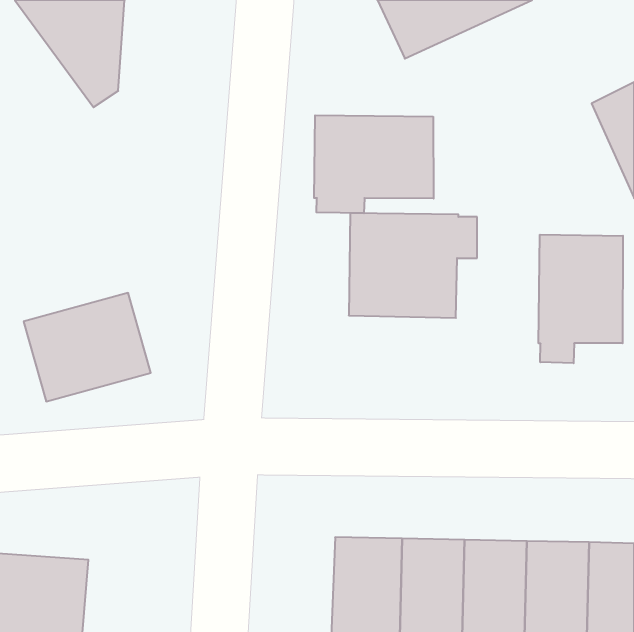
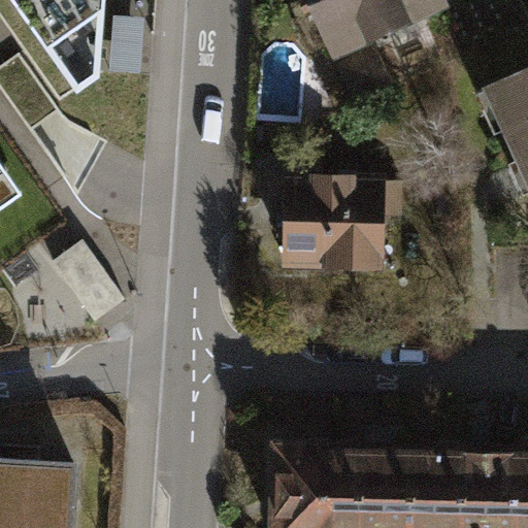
building: [314,115,434,213] -> none
building: [539,235,623,363] -> none

